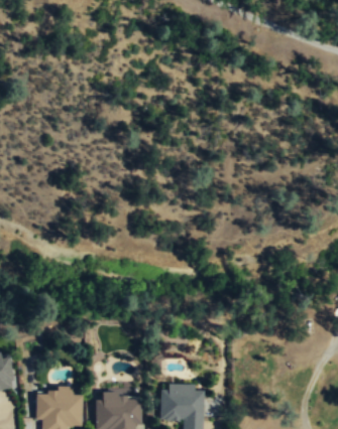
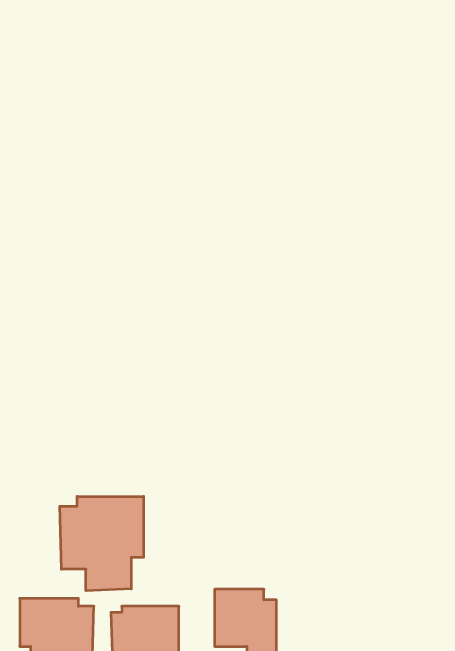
building: none -> [60,496,144,591]

